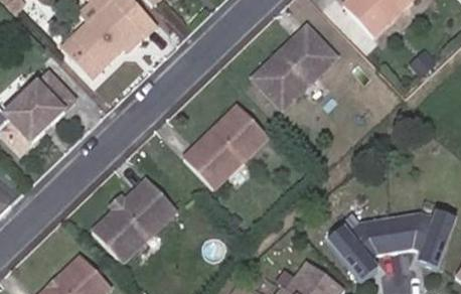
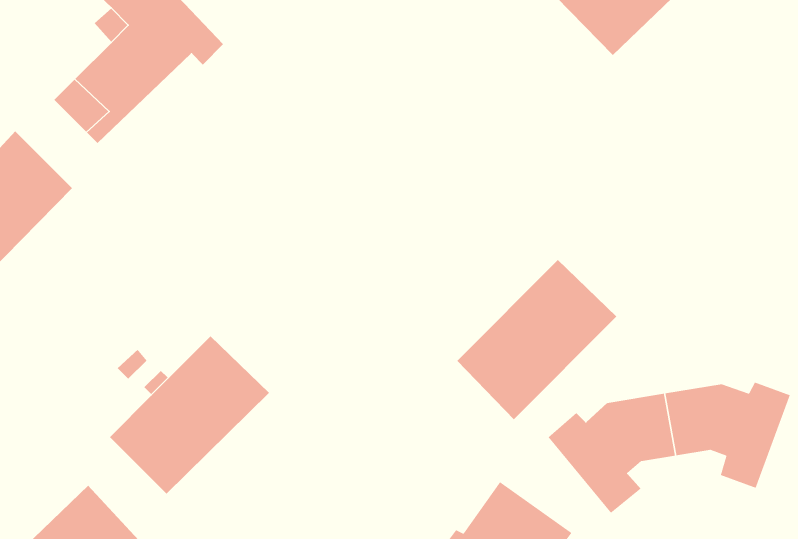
building: [253,23,336,107] -> none
building: [186,106,271,190] -> [456,259,617,420]

